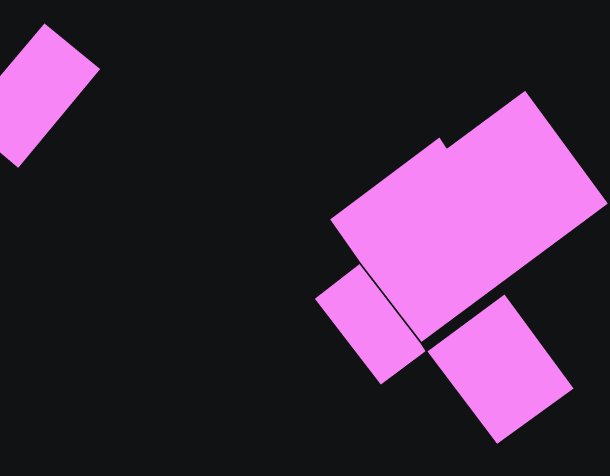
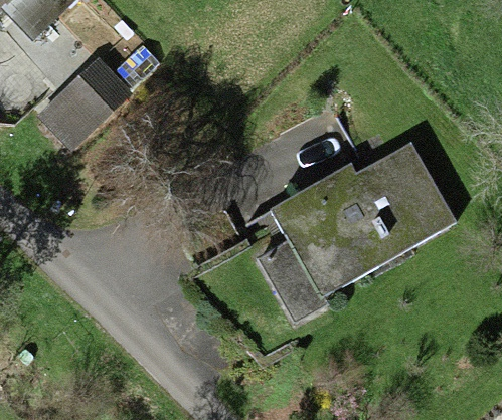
building: [427,294,574,445] -> none

